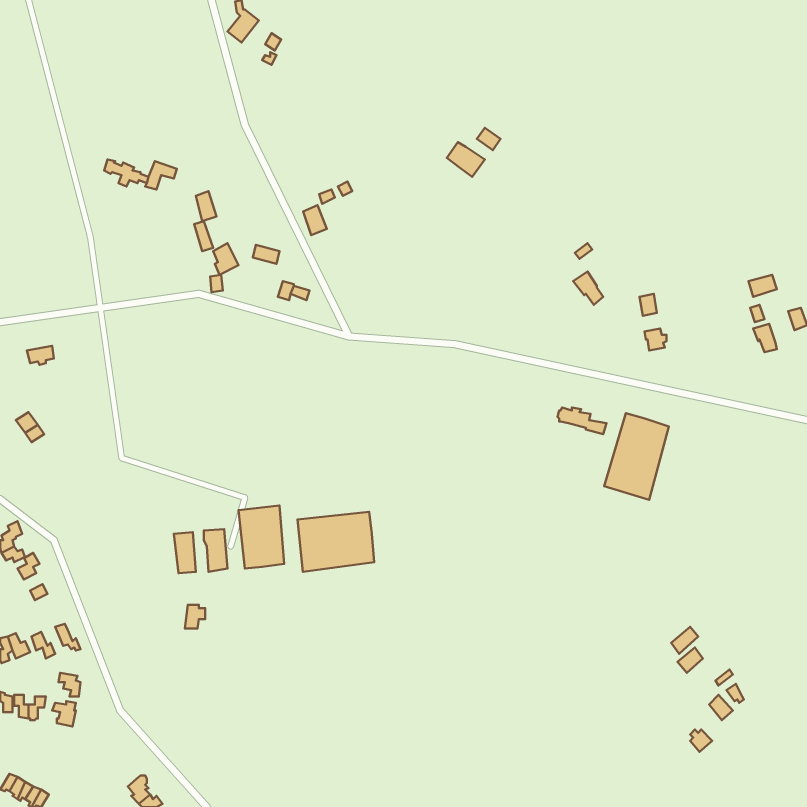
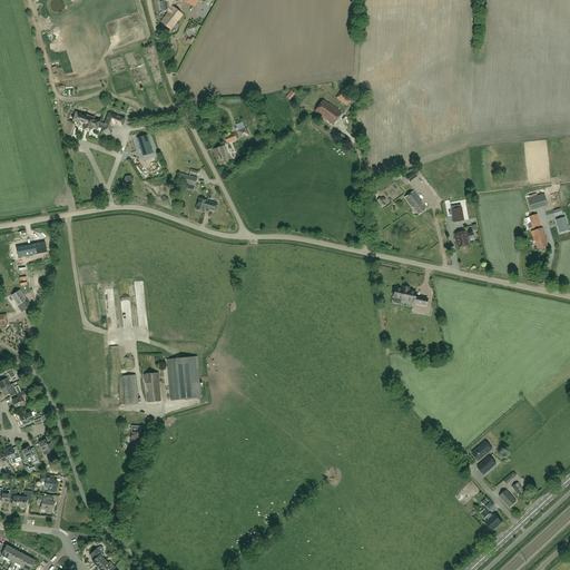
building: [604,413,669,500] -> none
building: [297,512,374,572] -> none

